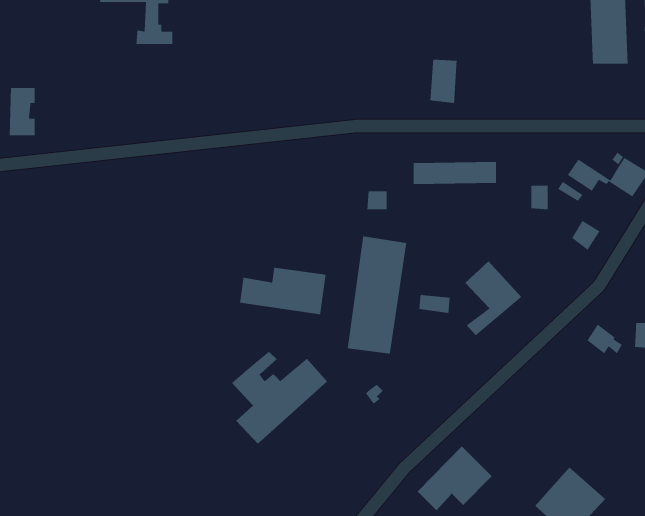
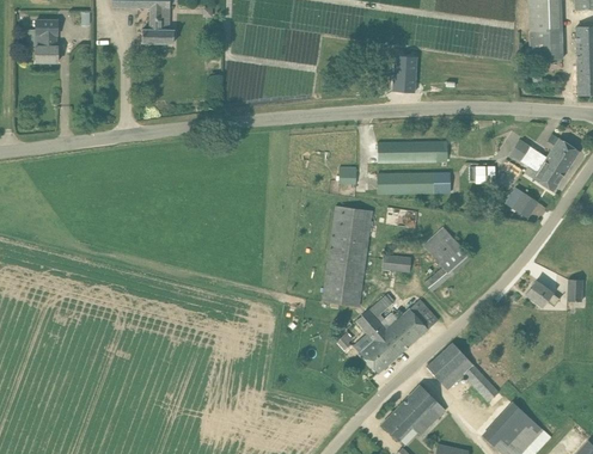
building: [9,87,35,136] -> [35,20,57,62]
building: none -> [531,159,566,192]
building: none -> [378,167,450,195]
building: [239,267,327,315] -> none
building: [231,351,328,445] -> [355,294,438,374]
building: none -> [426,343,499,401]

